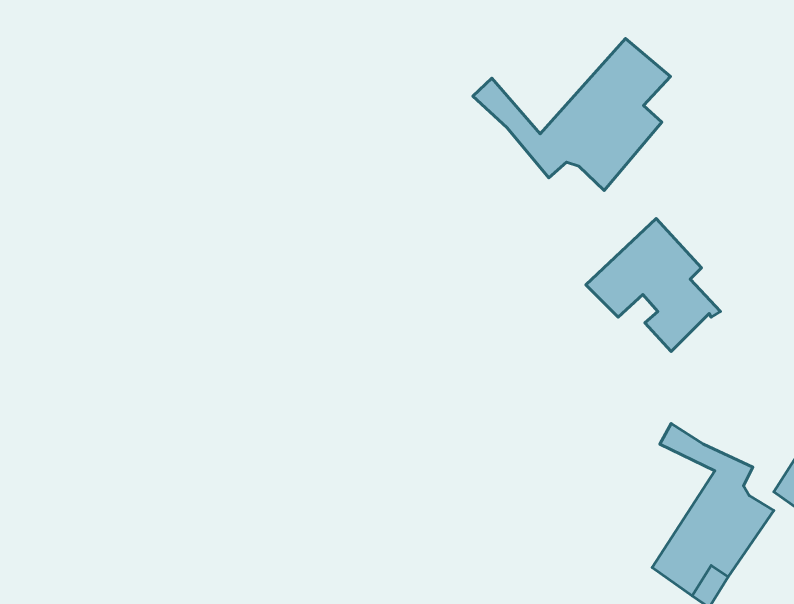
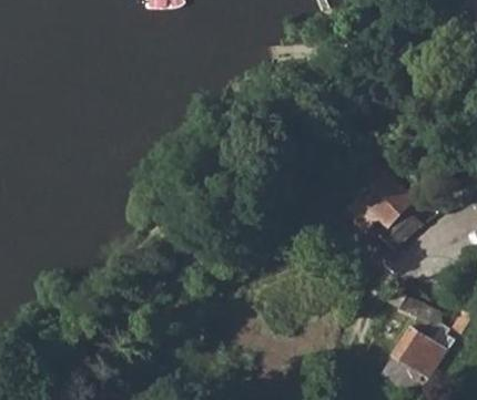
building: [473,39,671,190] -> none

